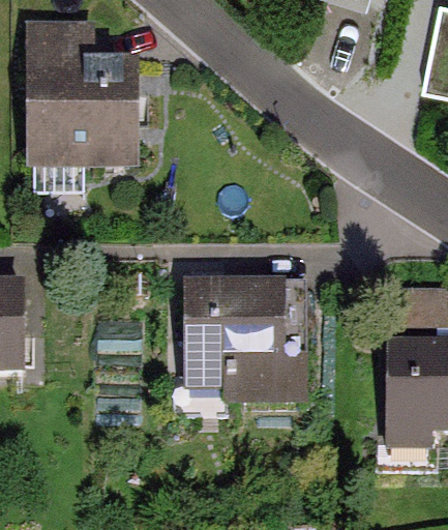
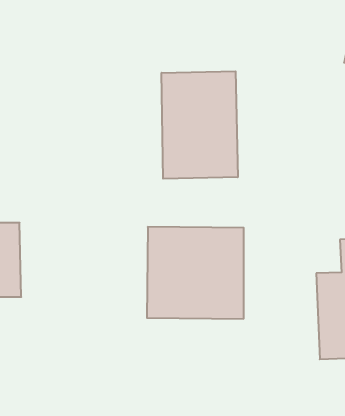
building: [23,26,133,168] -> none
building: none -> [162,71,238,179]

